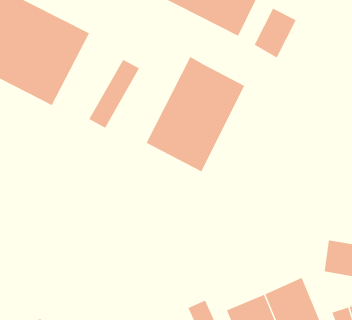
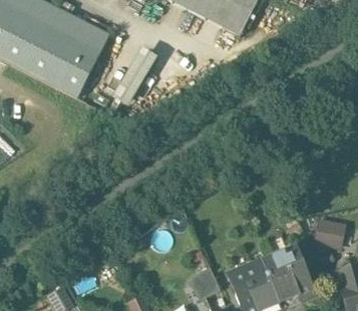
building: [254,8,296,58] -> none
building: [146,56,245,172] -> none

